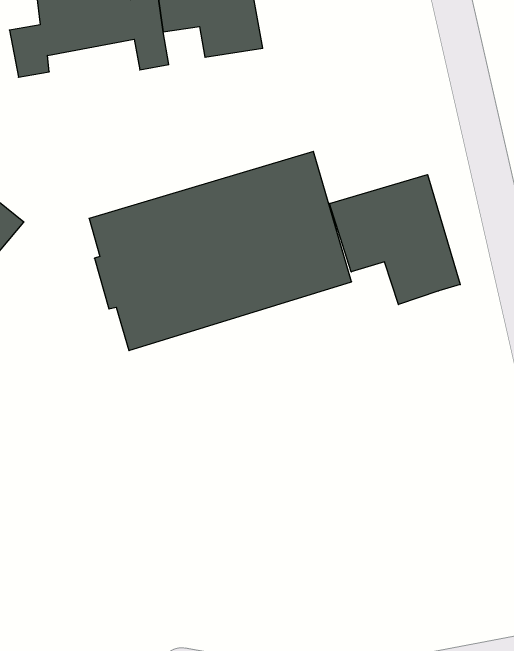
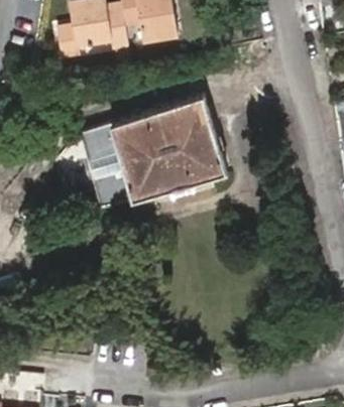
building: [330,175,460,305] -> none

